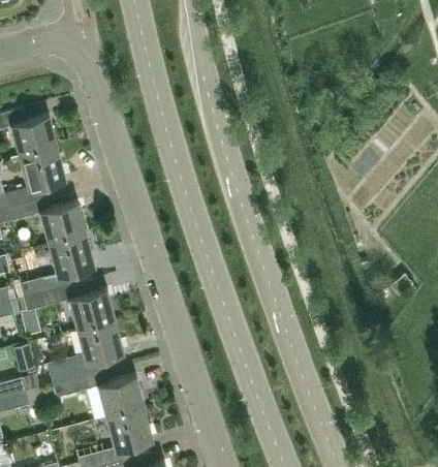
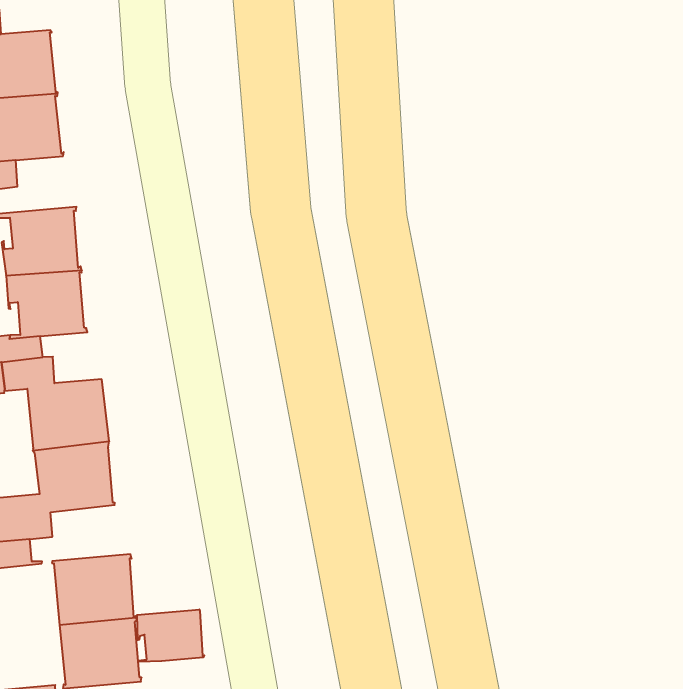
building: none -> [137,609,204,662]

